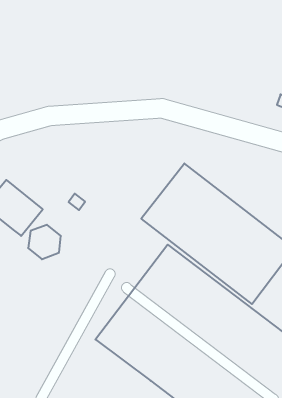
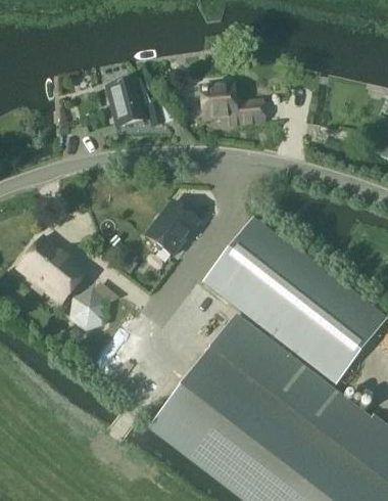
building: none -> [106,79,174,128]
building: none -> [202,87,263,126]
building: none -> [147,202,198,256]

